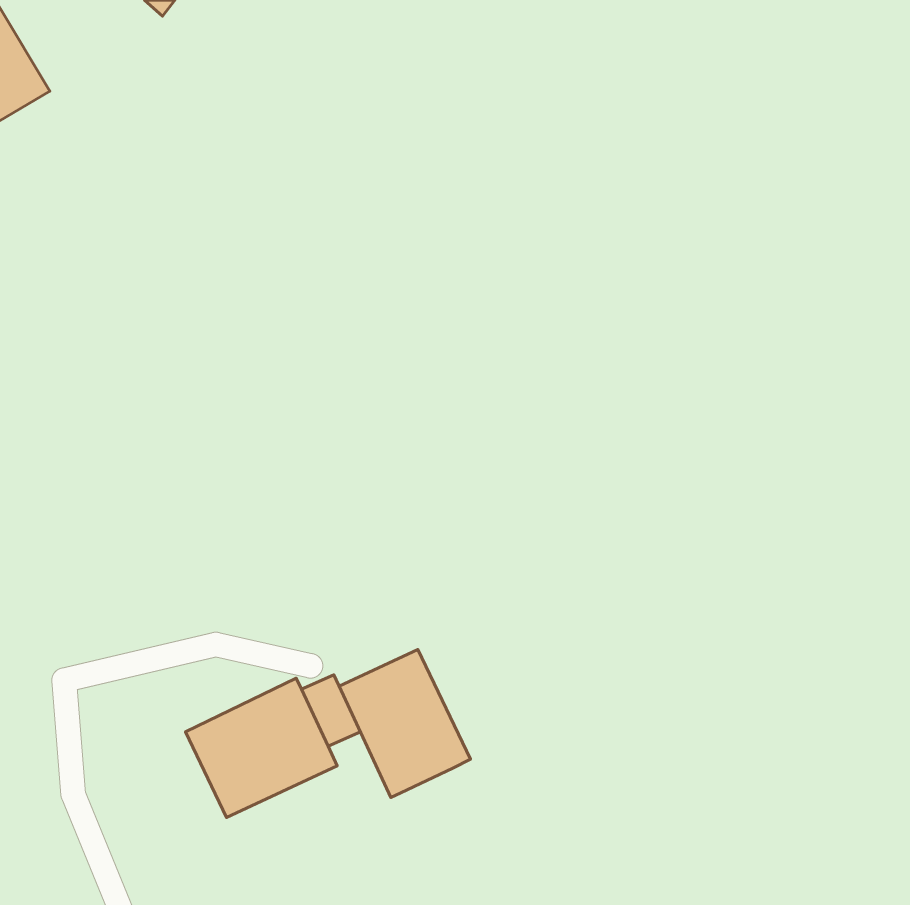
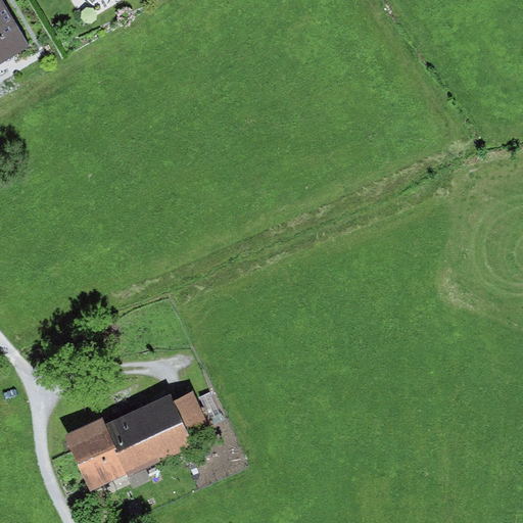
building: [339,649,470,797] -> none
building: none -> [65,417,130,490]

